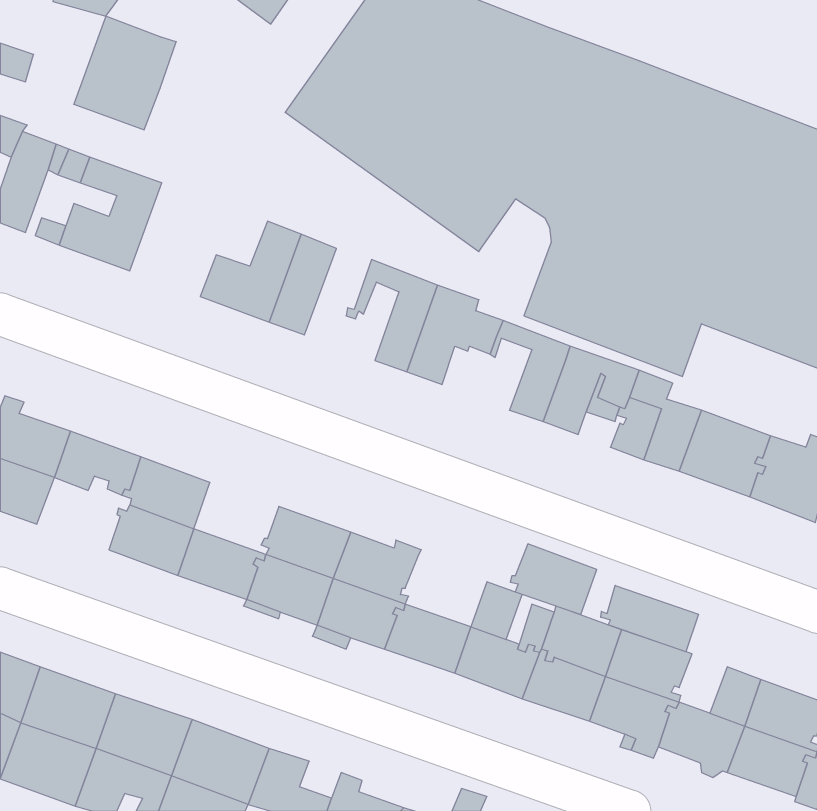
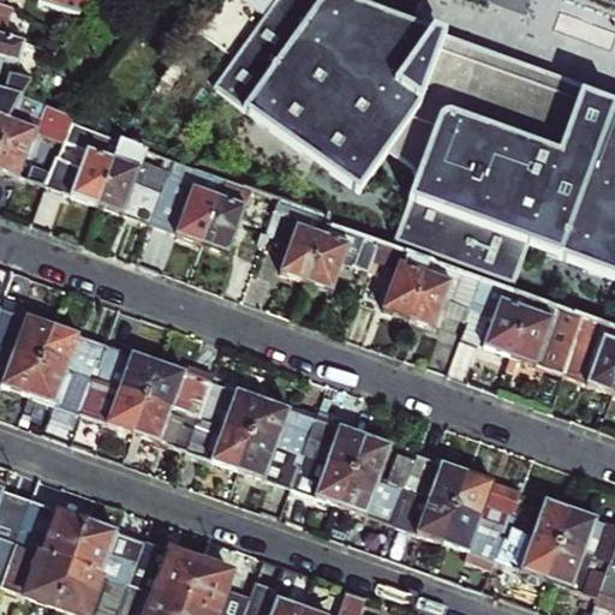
building: [74,16,176,130] -> [98,137,175,222]
building: none -> [29,358,98,412]
building: none -> [147,362,213,416]
building: [510,544,597,614] -> [301,417,366,470]
building: [601,585,699,652] -> none

